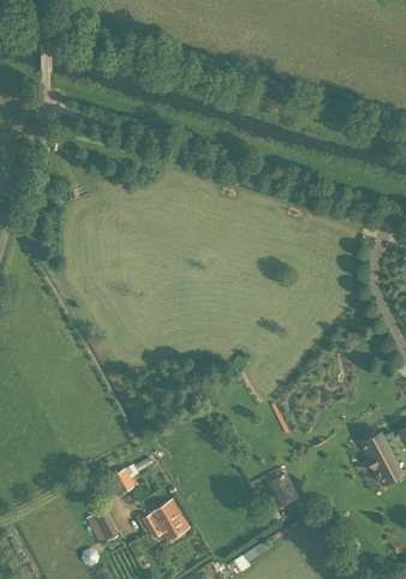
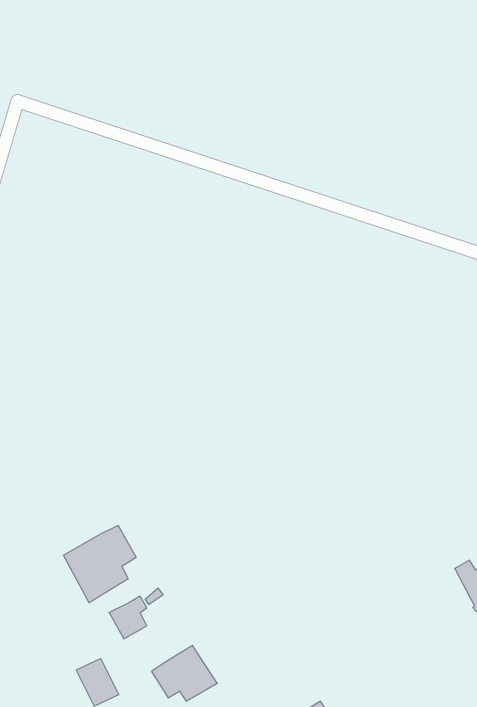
building: none -> [64,525,136,603]
building: [264,471,298,509] -> none

